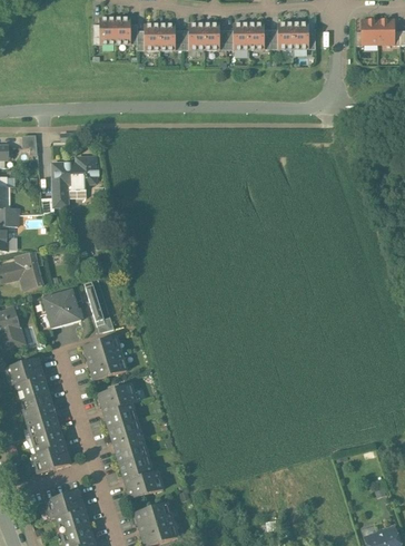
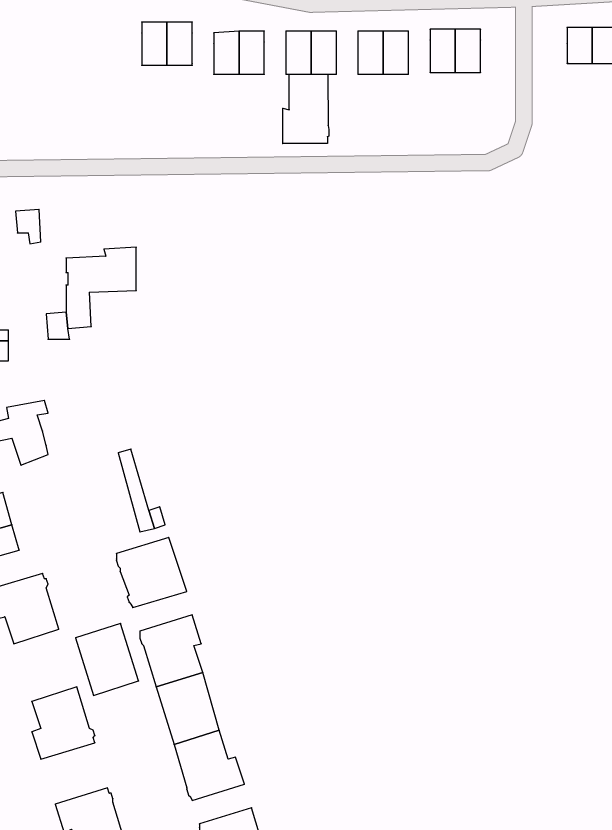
building: none -> [283,74,329,144]
building: [42,291,81,329] -> none
building: [20,393,59,438] -> [76,623,139,695]

